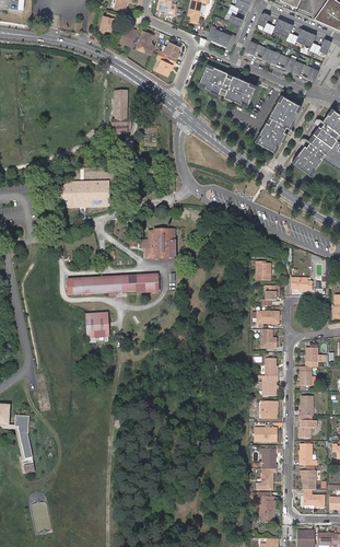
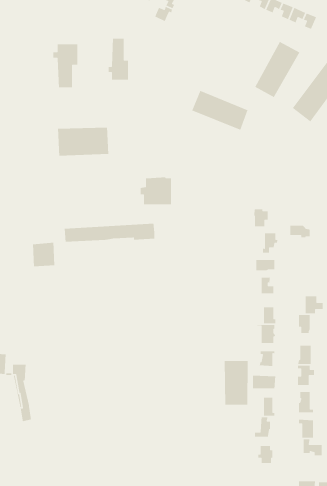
building: [198,63,255,104] -> [191,90,248,131]
building: none -> [53,44,78,88]
building: [85,312,108,337] -> [32,242,55,267]
building: none -> [224,360,248,406]

